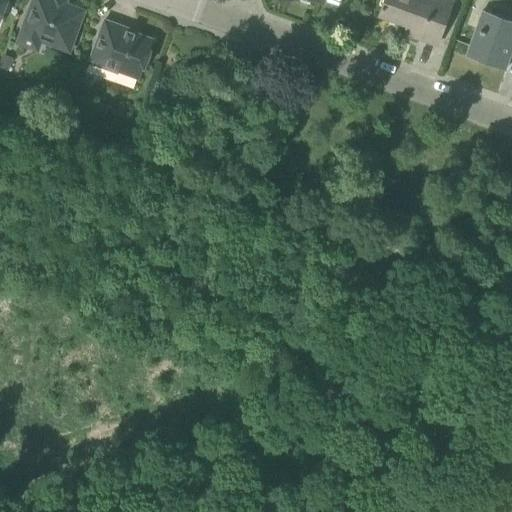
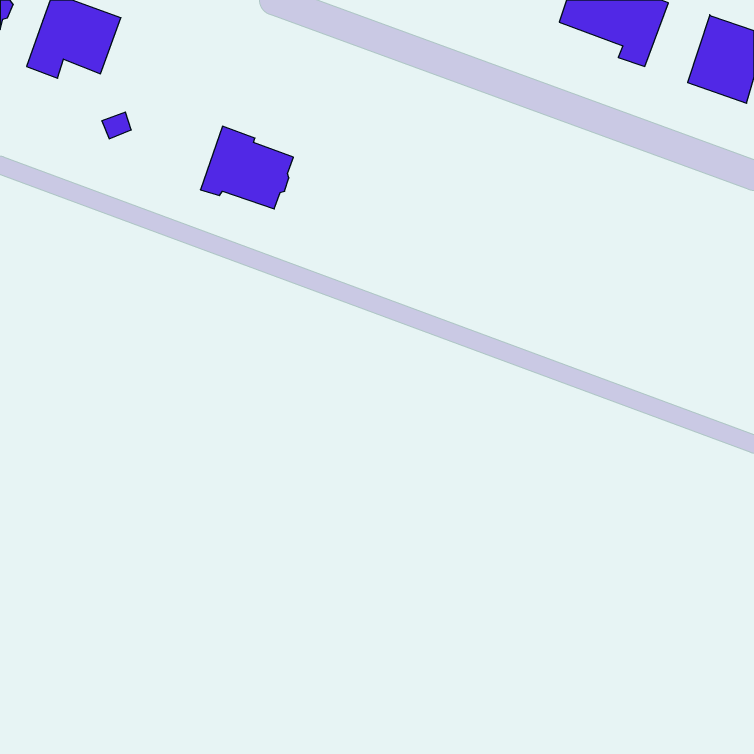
building: [89,20,152,76] -> [200,126,293,209]

